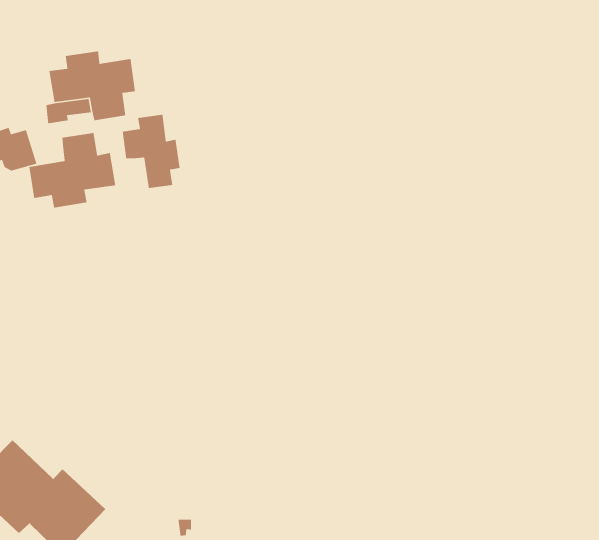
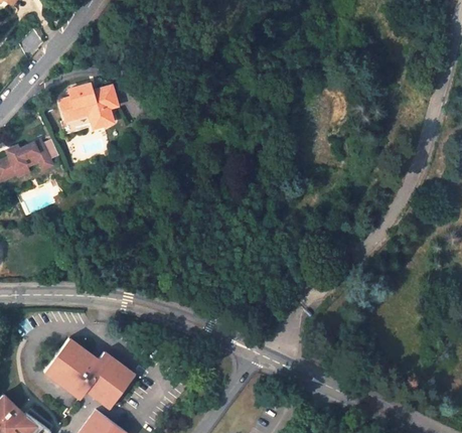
building: [122,114,180,189] -> none
building: [29,132,116,209] -> none

